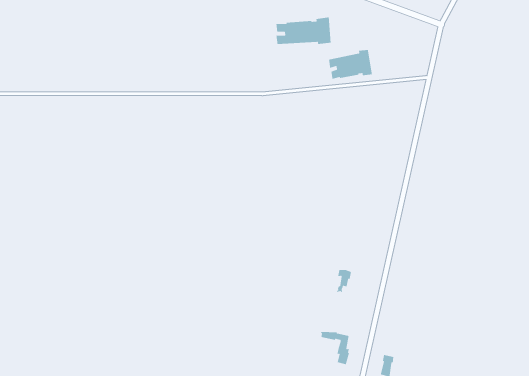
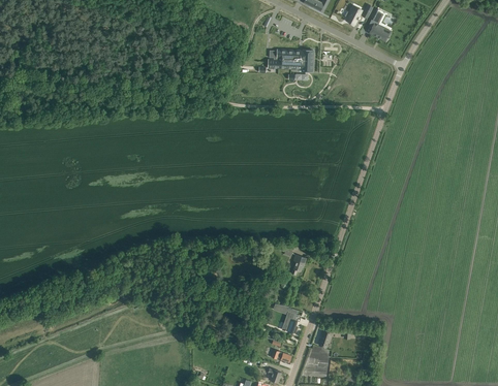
building: [328,49,373,80] -> none

